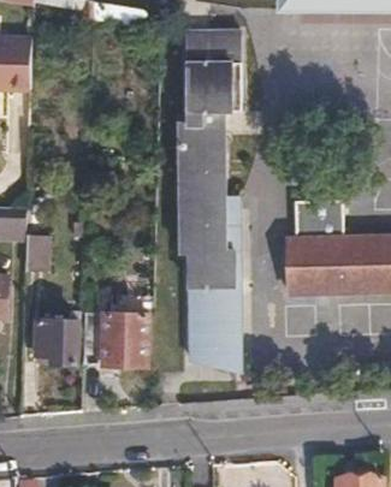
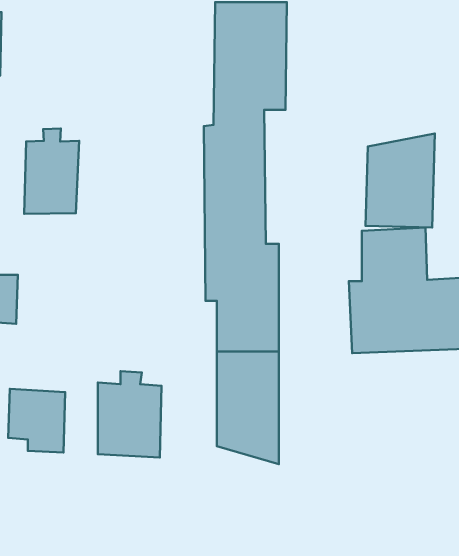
building: none -> [24,128,79,214]
building: none -> [366,133,435,228]

